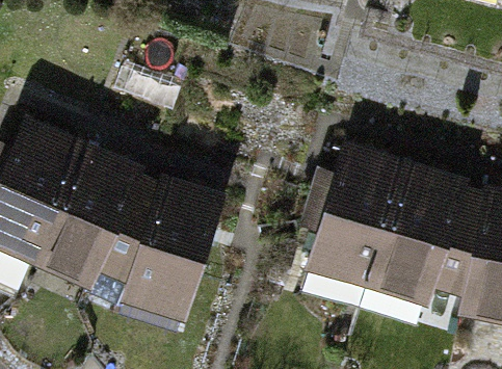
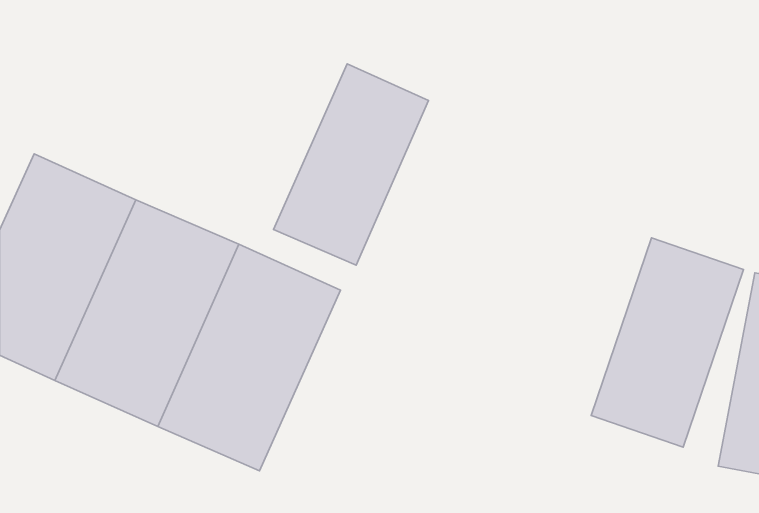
building: none -> [274,64,429,265]
building: [326,149,427,285] -> none

